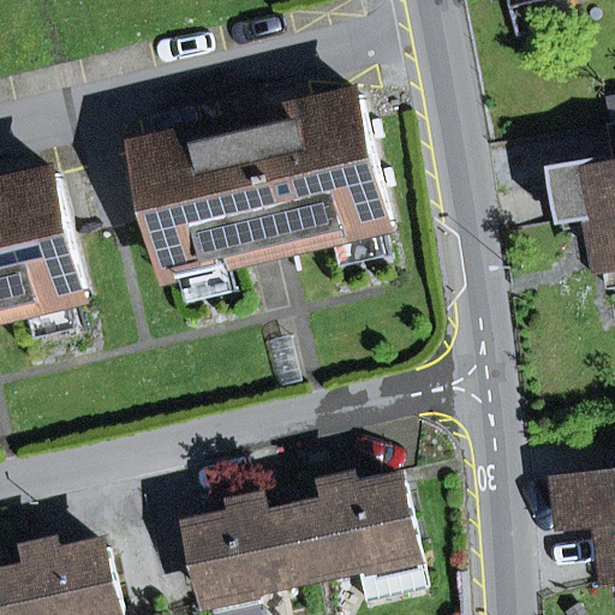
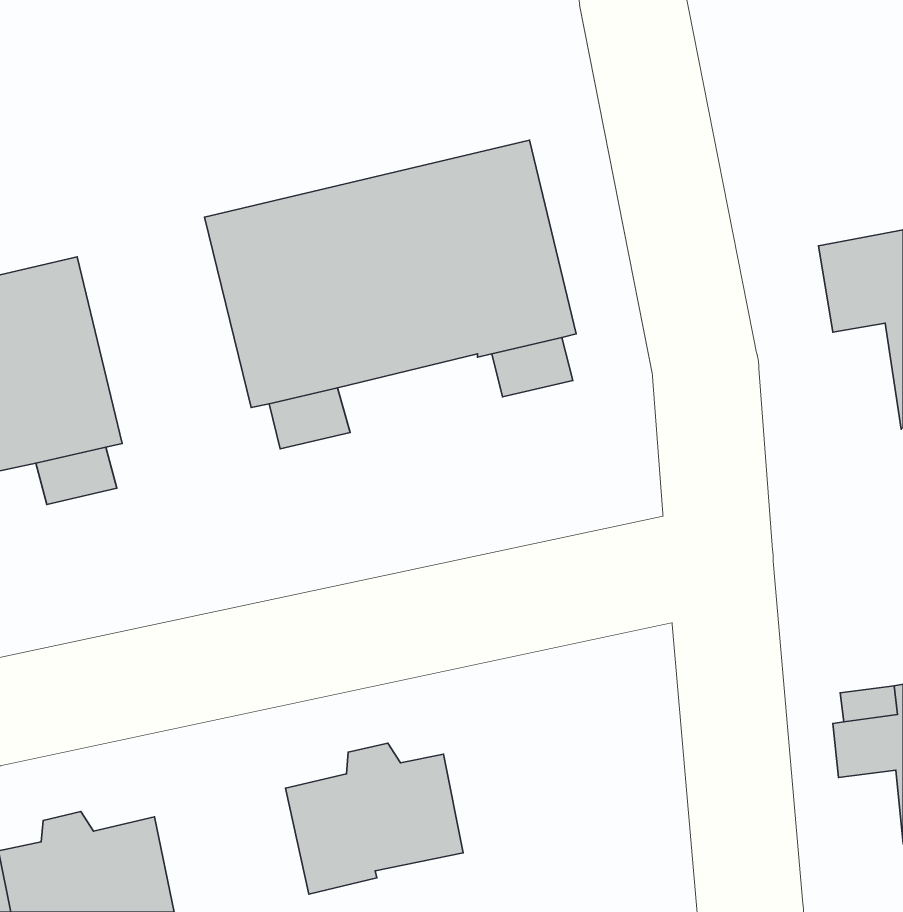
building: [297,477,422,598] -> none

